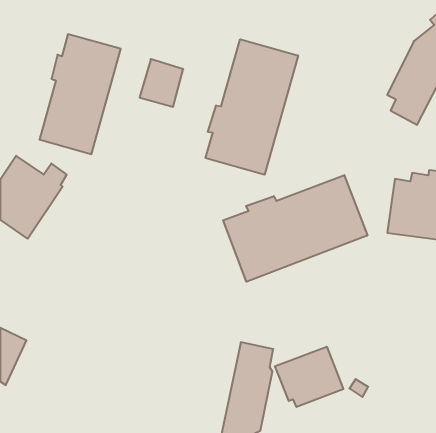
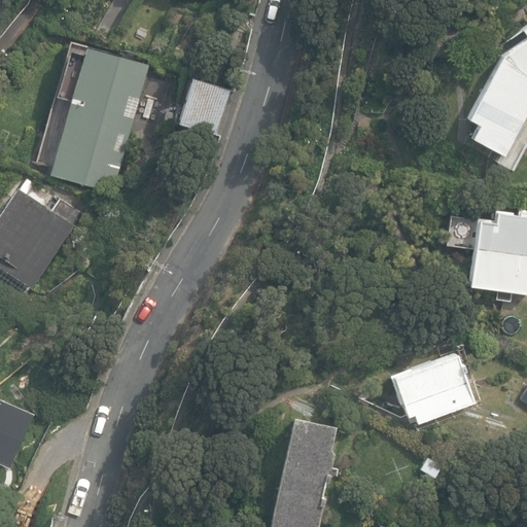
building: [206,39,298,175] -> none
building: [223,175,367,282] -> none
building: [275,347,343,407] -> [391,352,473,424]

